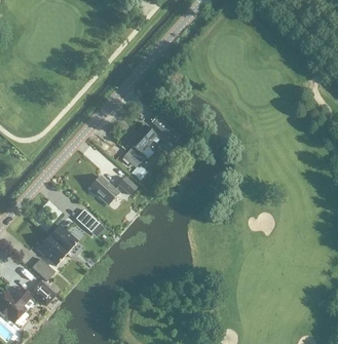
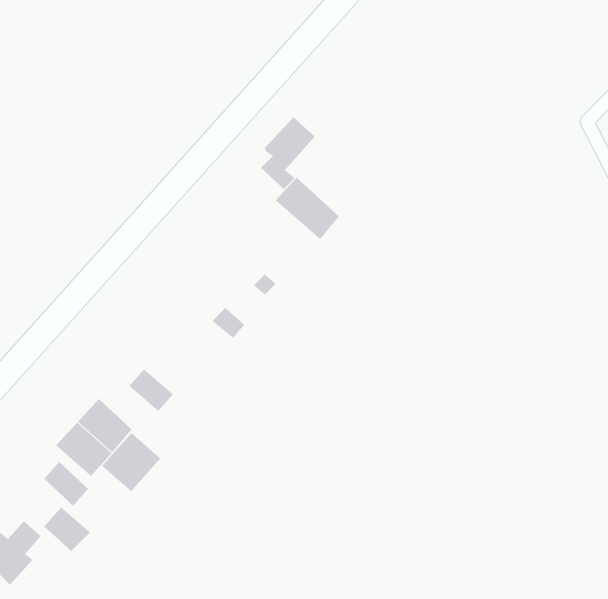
building: [126,125,155,163] -> [260,117,315,190]
building: [89,176,118,204] -> none
building: none -> [101,432,161,492]

